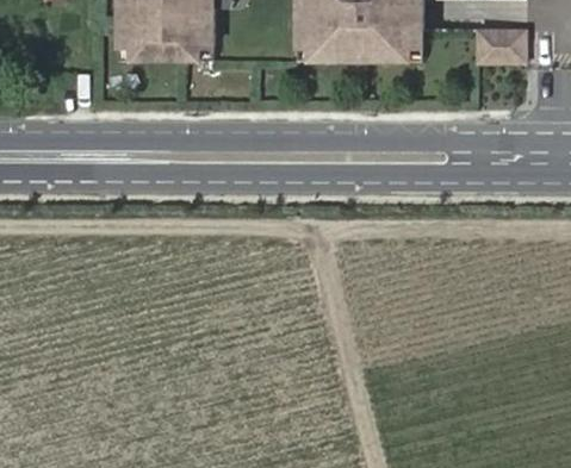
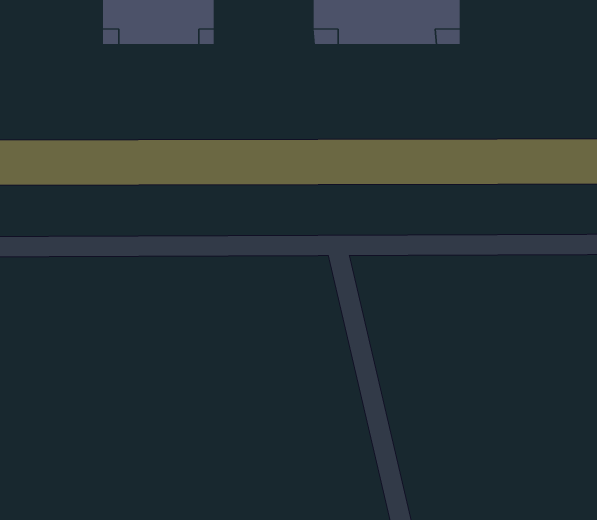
building: [476,27,523,60] -> none

